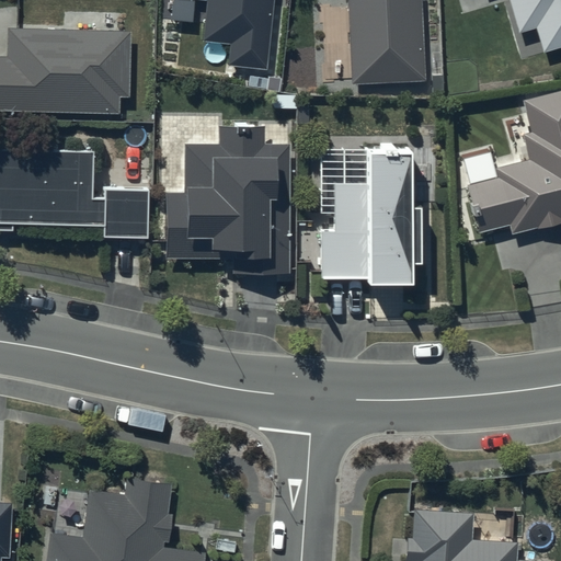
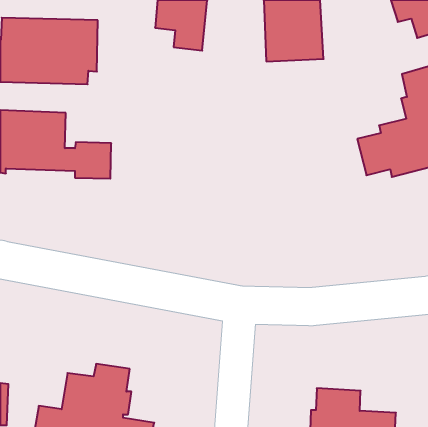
building: [167,126,290,273] -> none
building: [319,147,414,277] -> none

